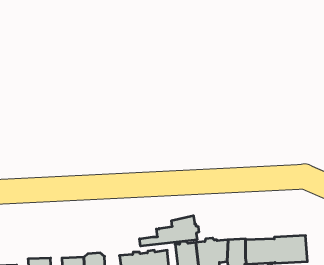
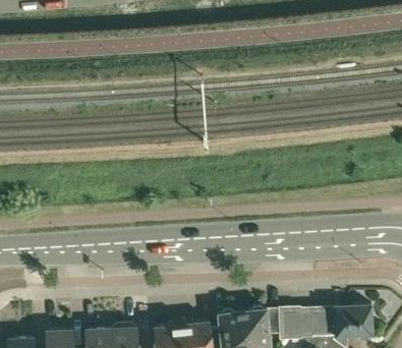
building: [140,216,199,246] -> none

